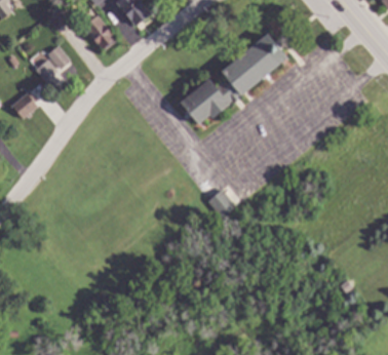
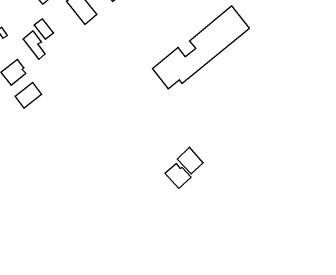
building: none -> [15,82,42,108]
building: none -> [165,163,191,188]

